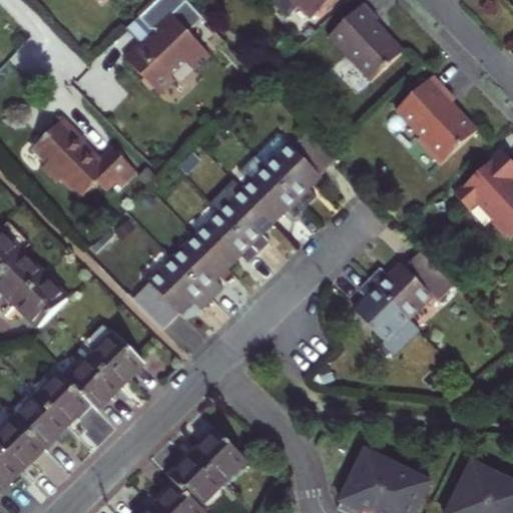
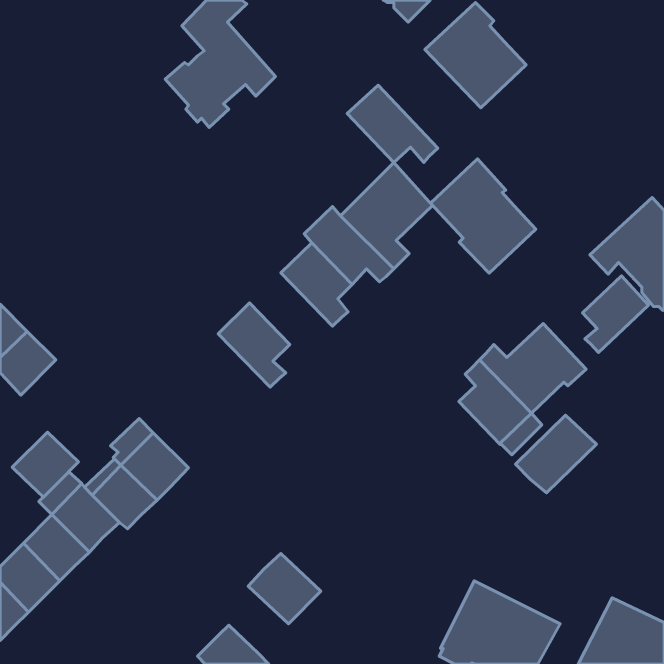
building: none -> [347,85,438,163]
building: [396,78,477,166] -> [431,159,536,273]
building: [28,116,134,198] -> none
building: [192,210,256,266] -> none
building: none -> [583,276,649,352]
building: [127,258,208,330] -> none
building: [16,278,67,328] -> [12,432,79,497]
building: none -> [516,415,596,493]
building: [168,452,222,504] -> none

